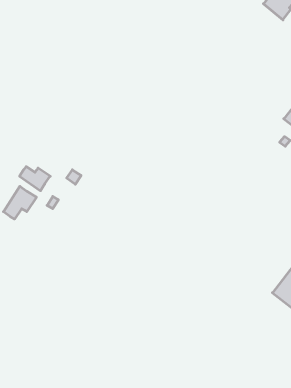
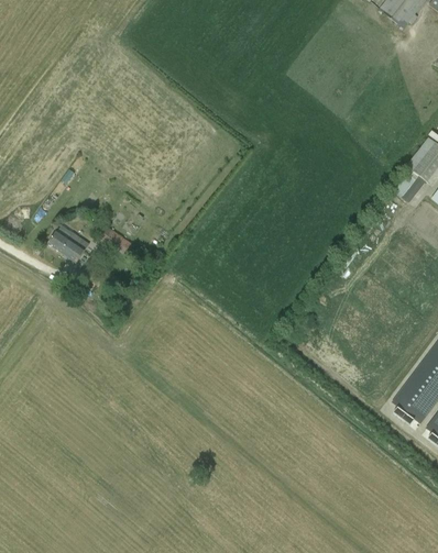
building: [3,186,36,219] -> none

